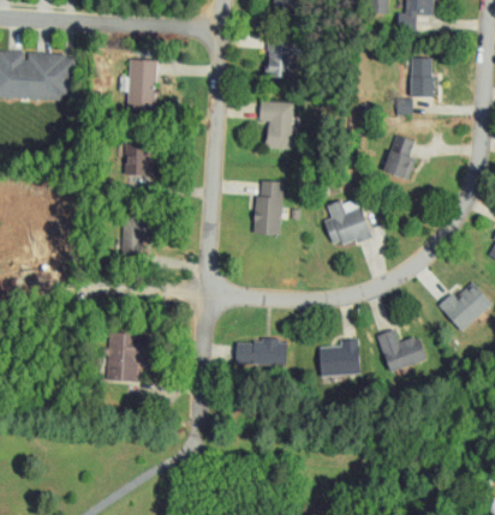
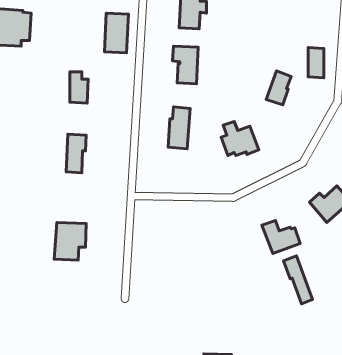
building: [411,56,431,96] -> [308,48,324,78]
building: [126,59,157,110] -> [104,13,128,53]
building: [235,339,286,365] -> none
building: [318,340,360,378] -> none
building: none -> [284,256,313,304]

